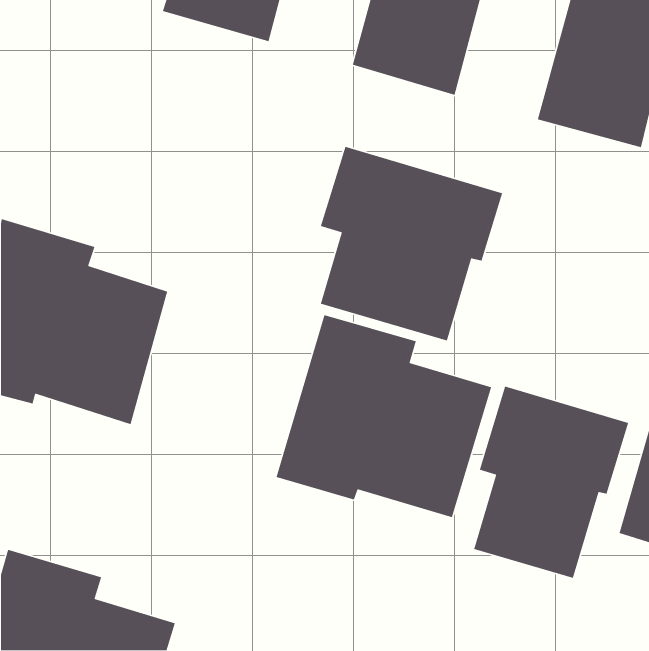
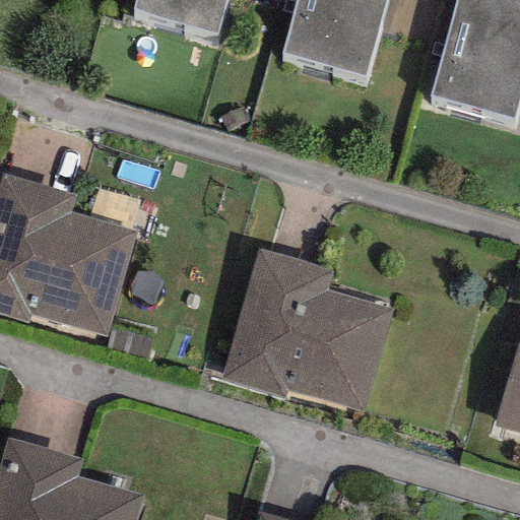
building: [320,146,503,341] -> none
building: [473,385,629,579] -> none

